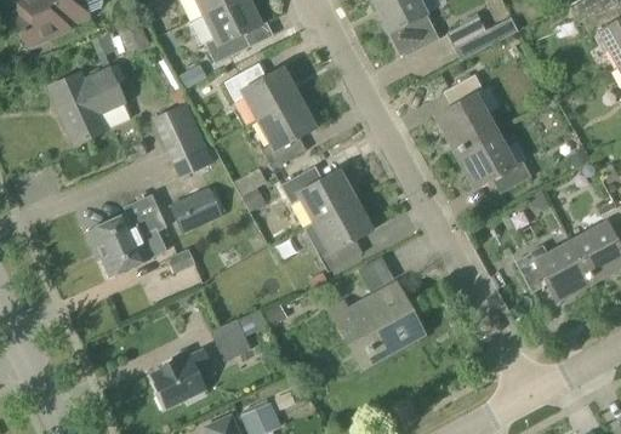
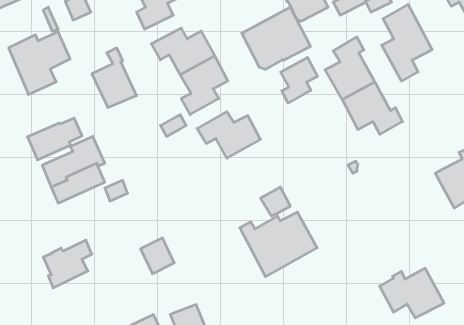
building: none -> [382,4,432,81]
building: none -> [242,7,310,69]
building: none -> [281,57,317,103]
building: [170,145,213,179] -> none
building: [170,183,237,234] -> [27,118,82,160]
building: [315,199,372,272] -> none
building: [514,240,593,301] -> [380,268,444,318]
building: [152,350,211,409] -> [43,240,92,288]

